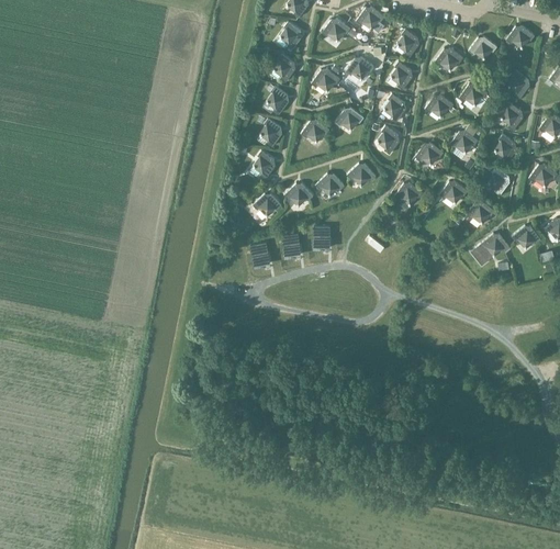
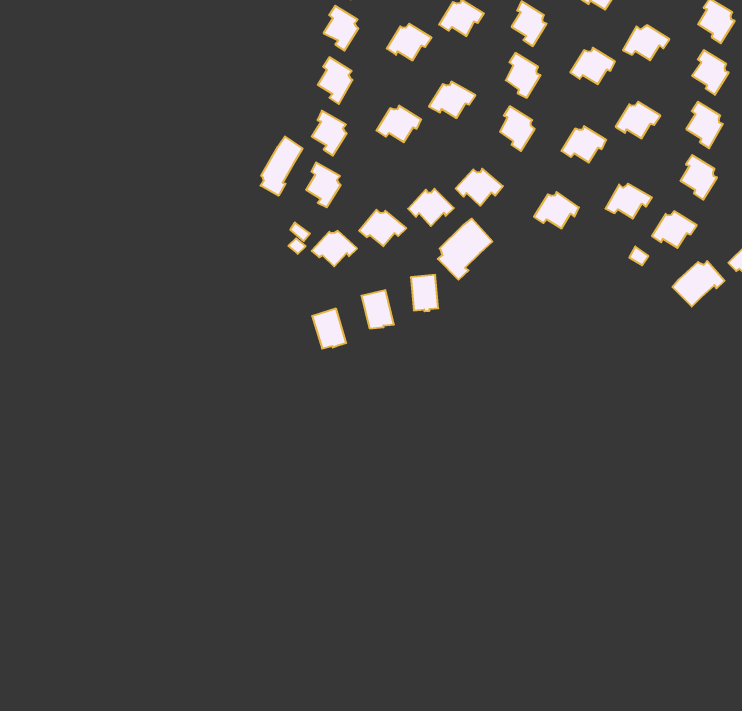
building: none -> [260,136,303,196]
building: none -> [438,219,492,280]

